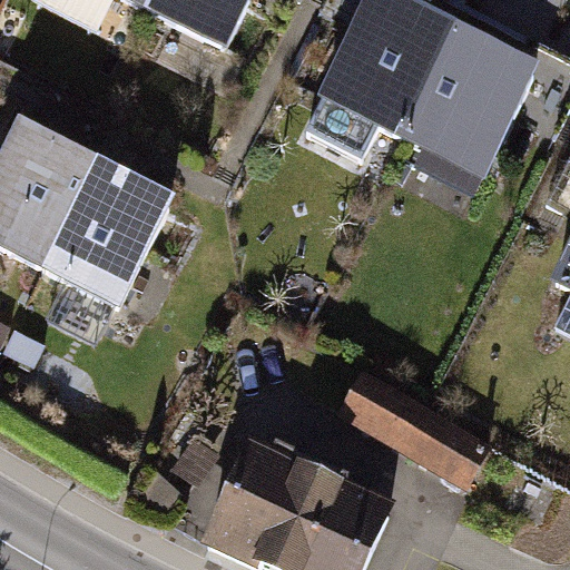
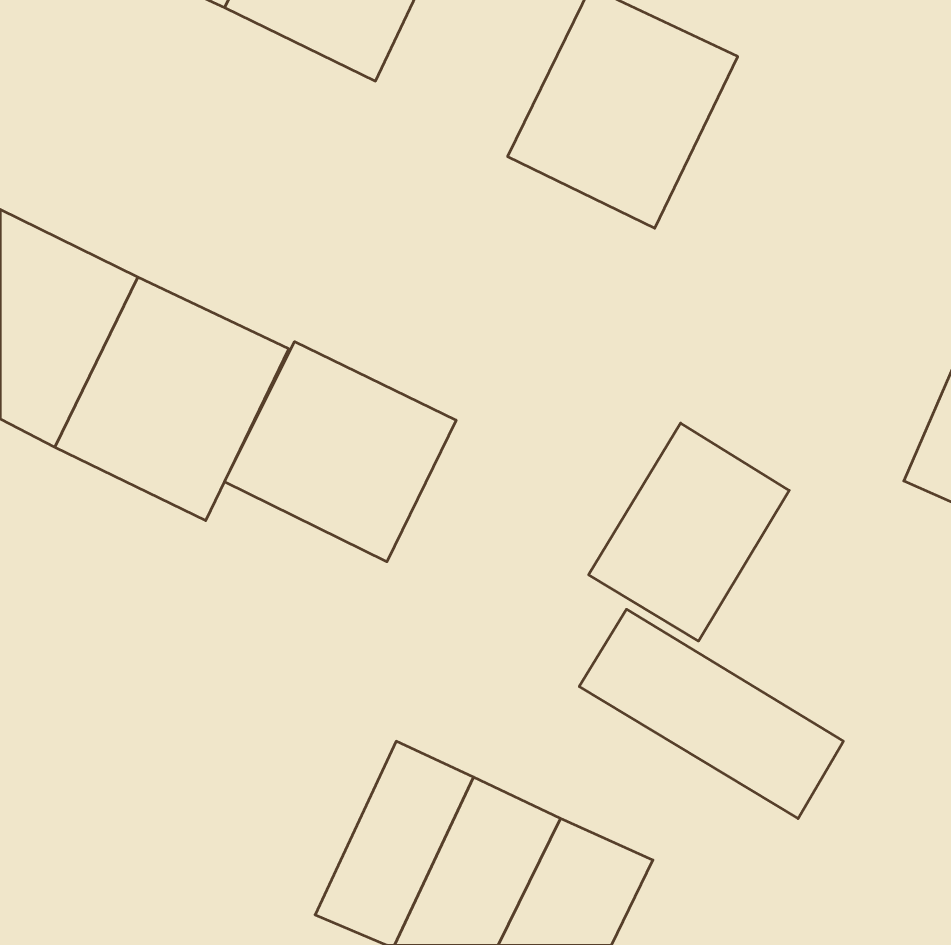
building: [394,33,531,177] -> none
building: none -> [224,342,456,562]
building: none -> [589,423,789,641]

